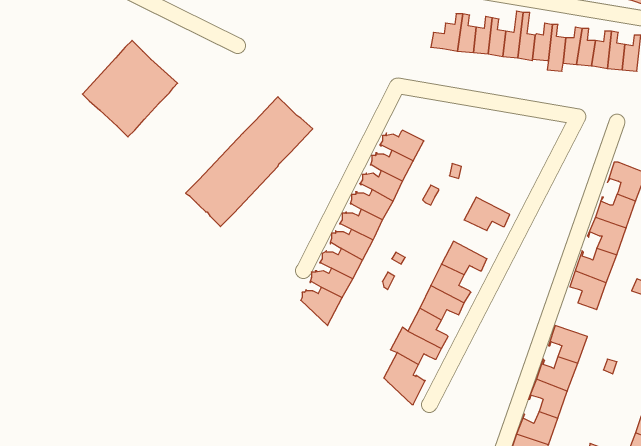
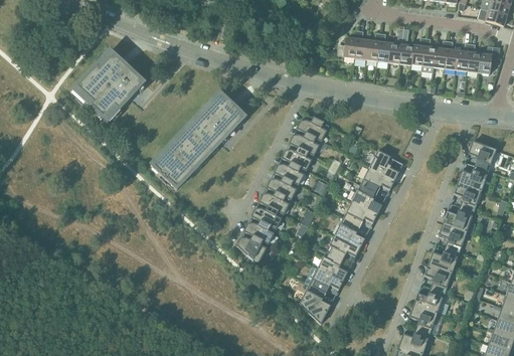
building: none -> [368,150,398,180]
building: none -> [351,184,381,213]
building: none -> [427,246,459,272]

